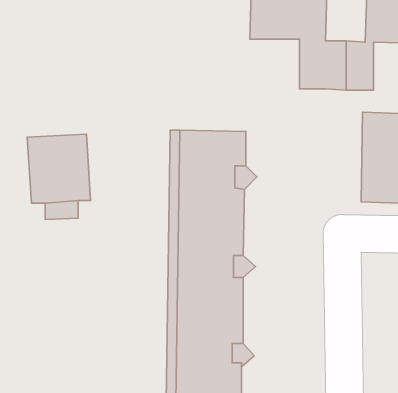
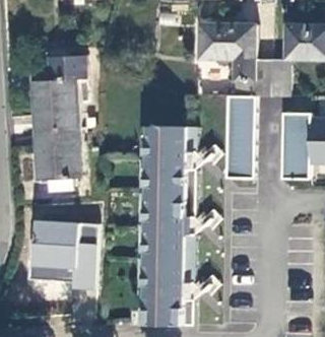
building: none -> [31,55,86,130]
building: none -> [225,94,255,177]
building: none -> [28,220,100,290]

